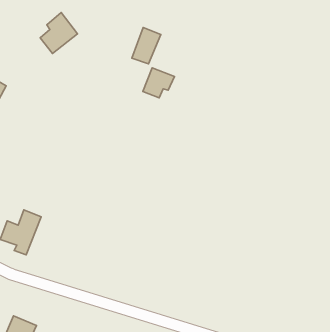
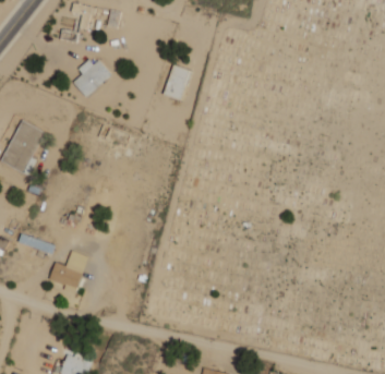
building: [143,68,174,98] -> none

